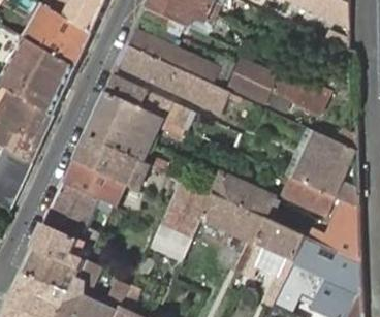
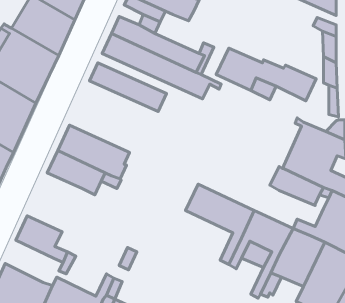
building: [86,93,183,172] -> none
building: [203,170,279,221] -> none
building: [44,183,98,245] -> none
building: [150,185,208,259] -> none
building: [23,249,70,290] -> none

